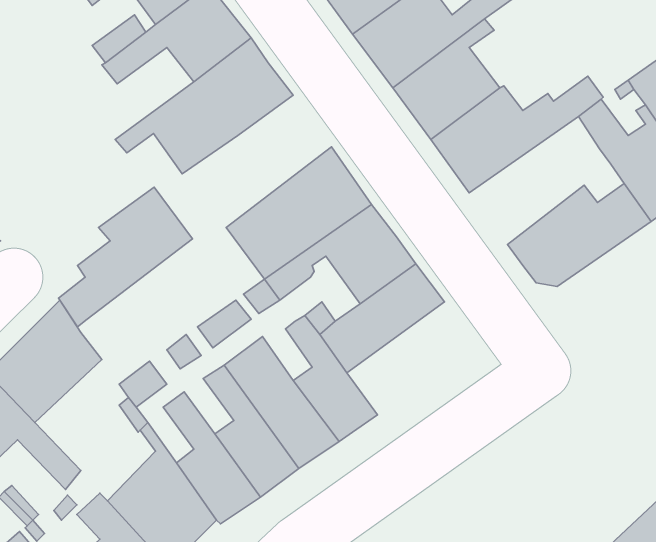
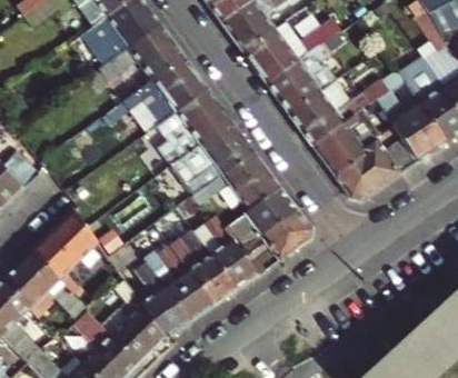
building: none -> [311,100,387,175]
building: [58,187,192,327] -> [153,88,231,169]
building: none -> [240,208,311,261]

